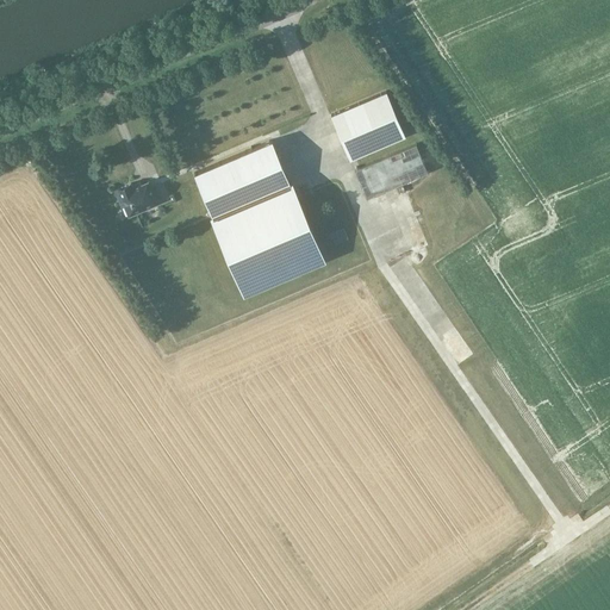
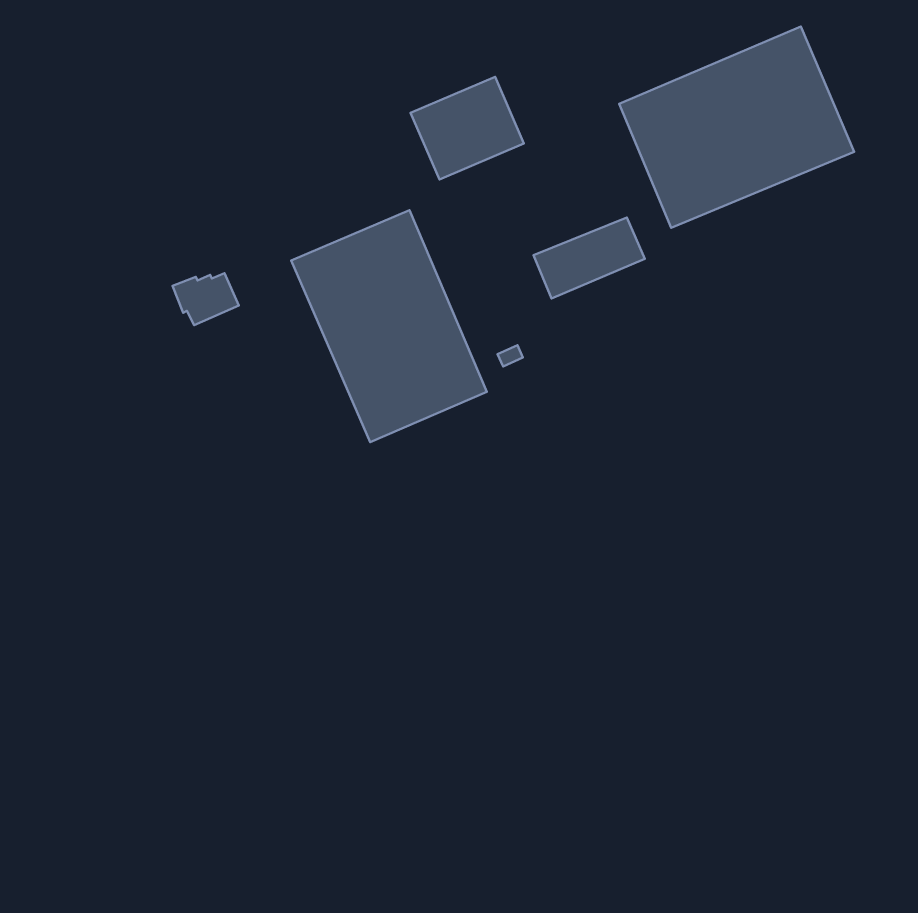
building: none -> [619,26,854,228]
building: [330,94,405,162] -> [411,77,524,179]

